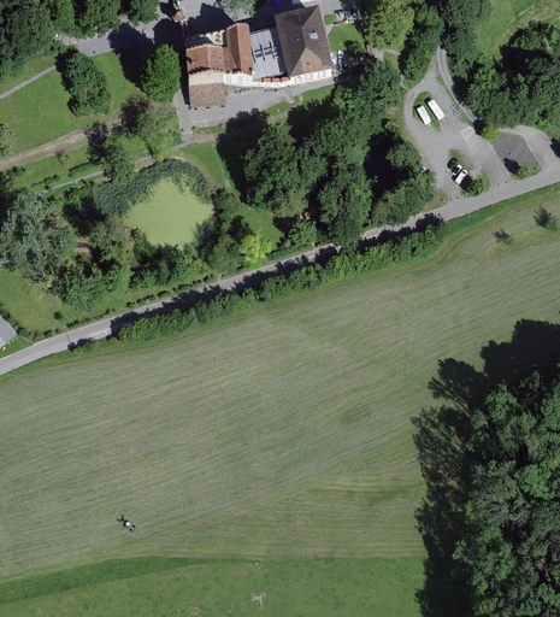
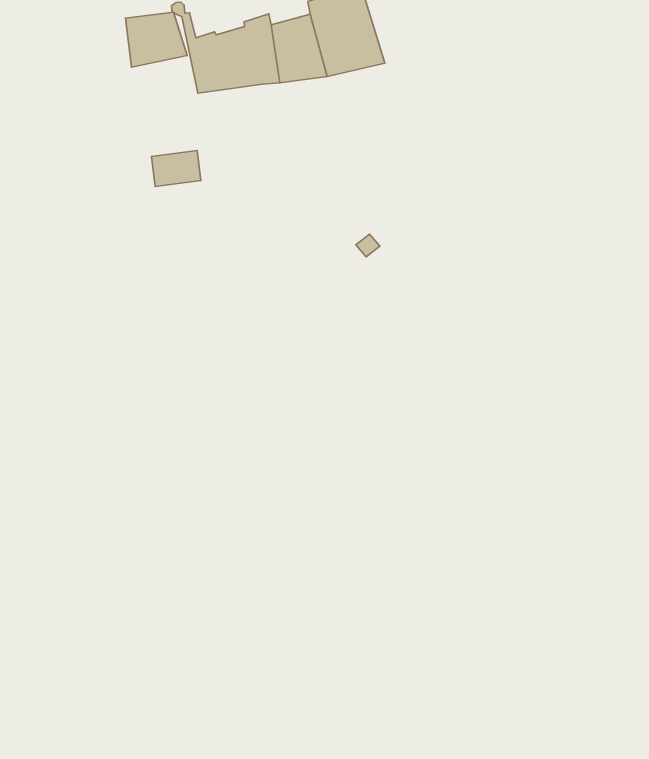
building: none -> [125,12,187,67]
building: [188,78,224,104] -> [151,150,201,187]

